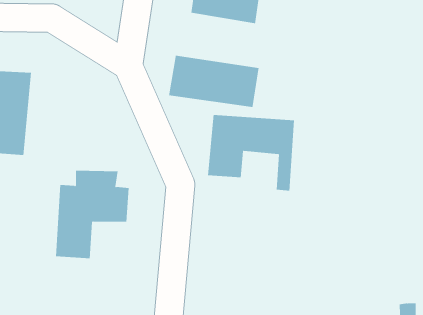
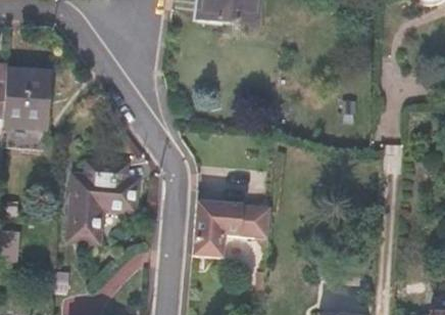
building: [169,55,259,108] -> none
building: [207,115,295,191] -> [190,197,270,268]

